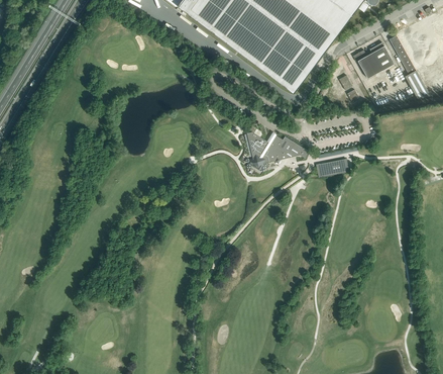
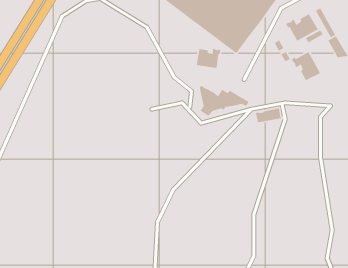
building: none -> [196,48,221,69]
building: none -> [291,51,321,81]

